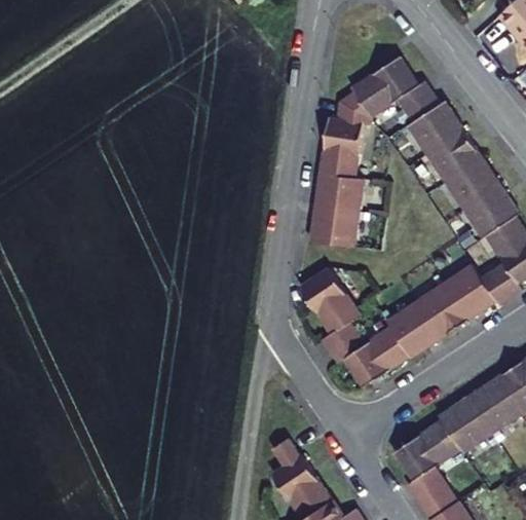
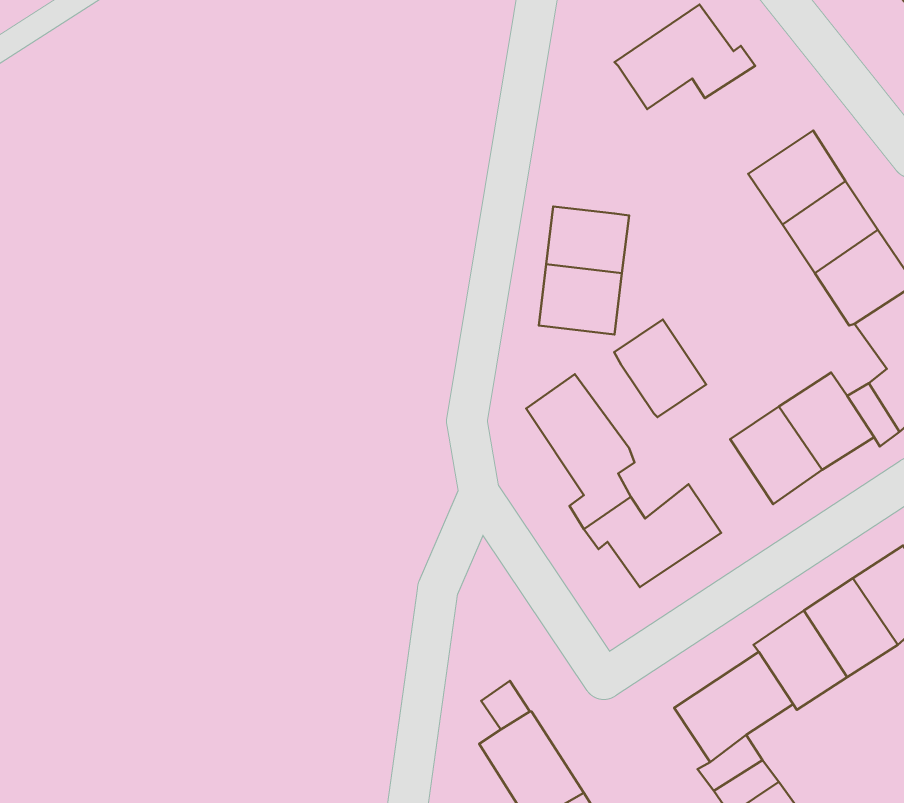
building: [316,90,370,175] -> none
building: [403,90,464,152] -> none
building: [389,303,442,359] -> [614,320,706,417]

